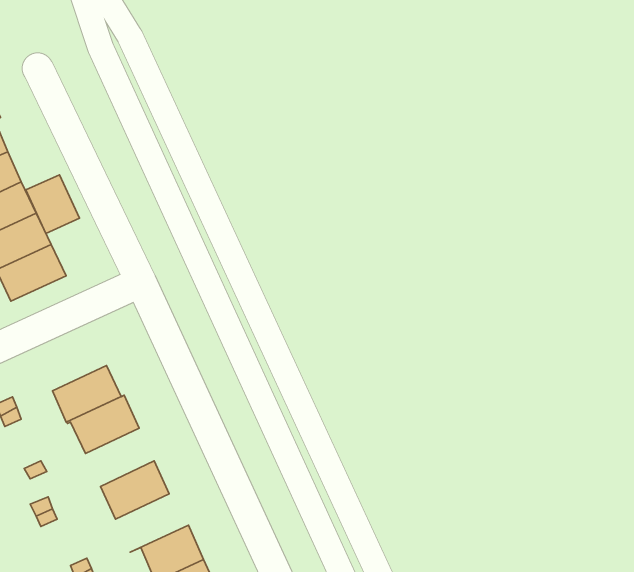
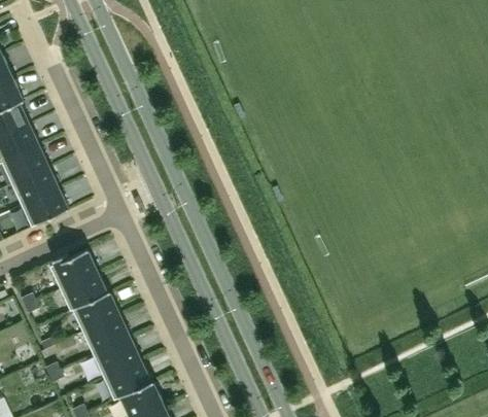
building: [26,175,80,233] -> none
building: none -> [49,250,97,289]
building: none -> [82,315,130,355]
building: none -> [103,360,153,401]

